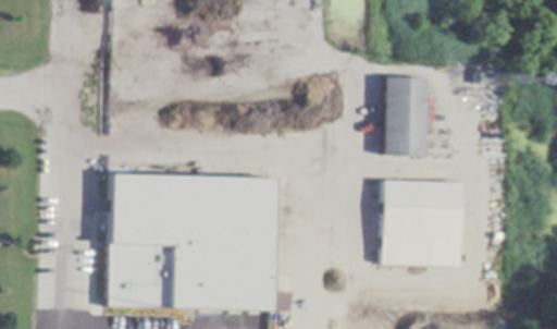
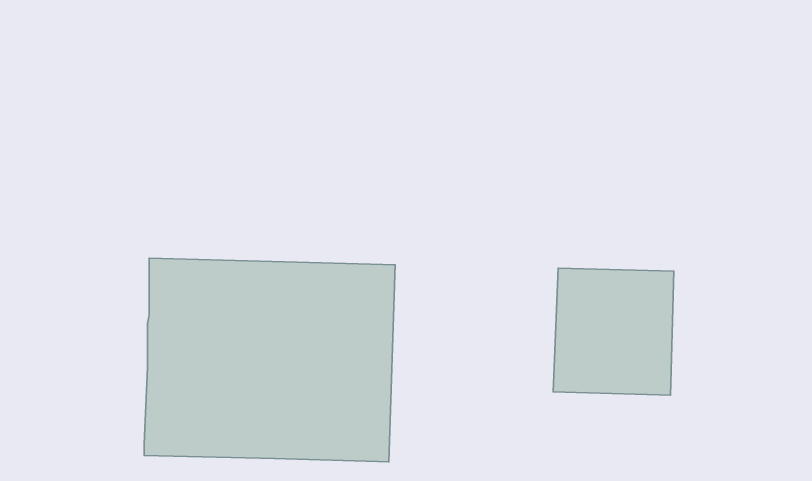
building: [385,76,426,155] -> none

